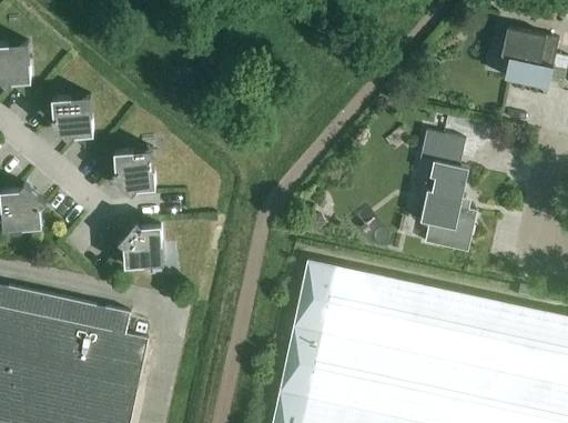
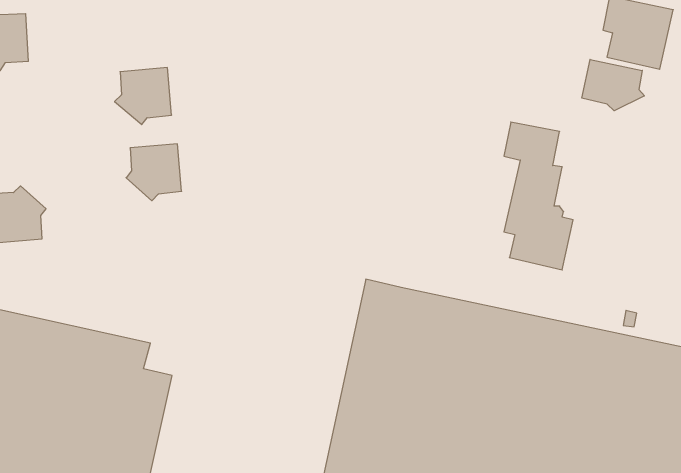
building: none -> [582,59,644,111]
building: [47,97,93,143] -> [115,68,172,125]
building: [116,222,163,268] -> none

